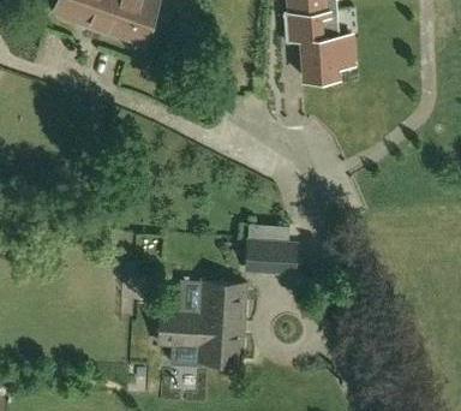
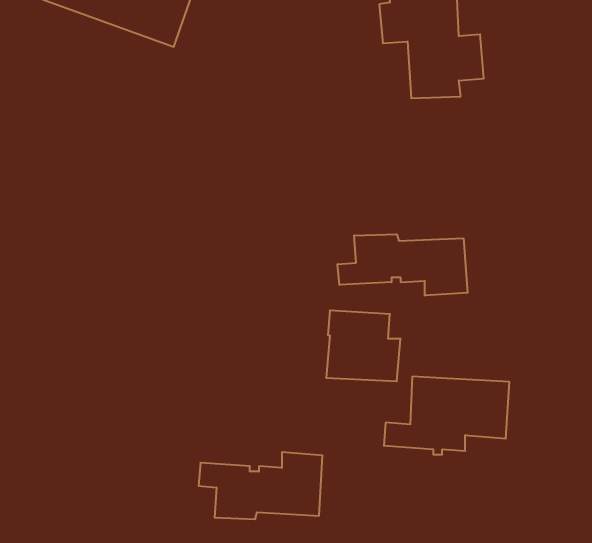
building: none -> [338,234,468,296]
building: [161,281,246,334] -> [384,377,509,455]

